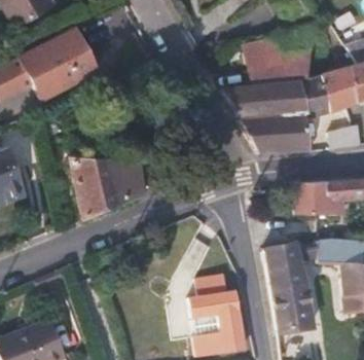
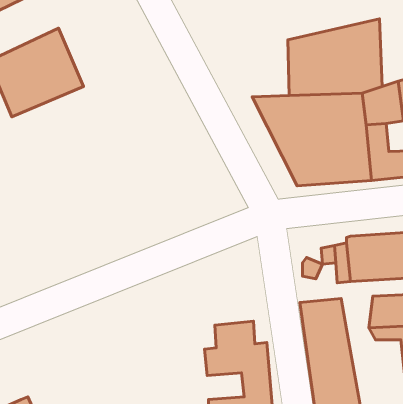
building: [70,154,142,214] -> none

